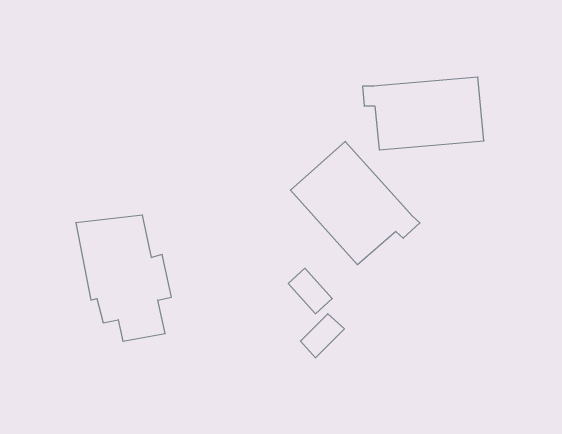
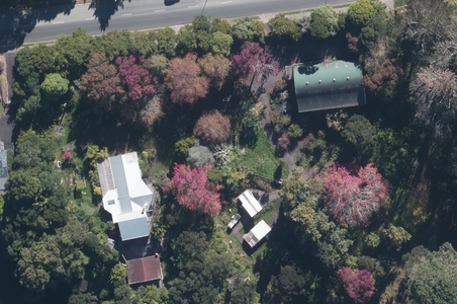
building: [290,141,420,265] -> none
building: none -> [124,252,162,280]

